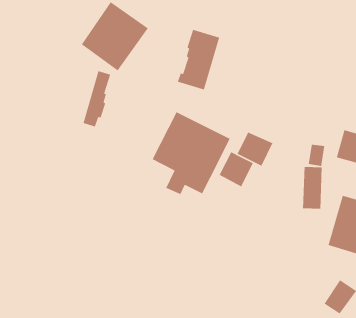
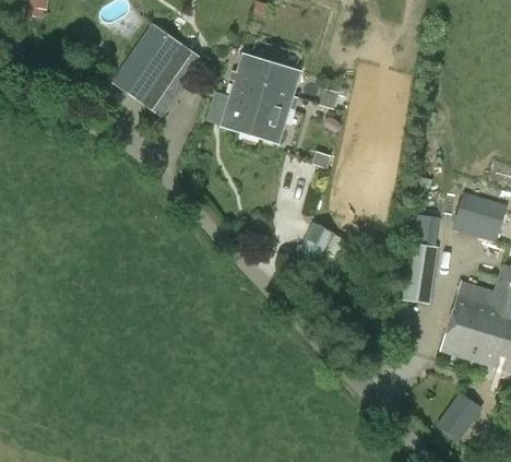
building: [82,70,111,128] -> [223,55,261,131]
building: [151,111,231,195] -> none
building: [236,131,274,167] -> none

